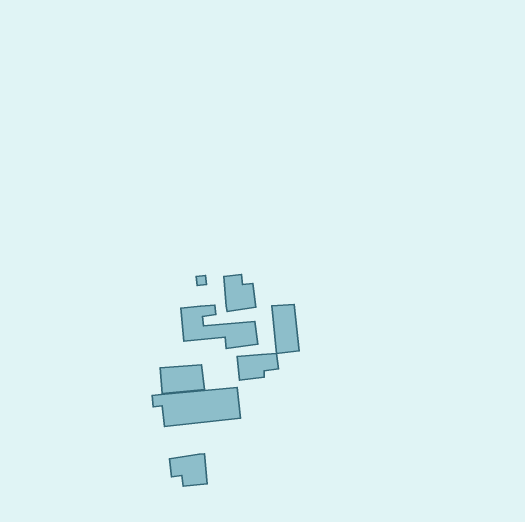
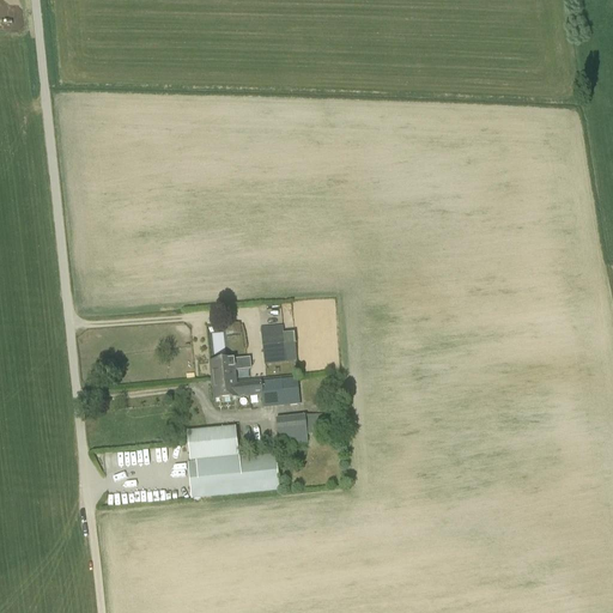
building: [272,304,299,353] -> none
building: [170,454,207,486] -> none

